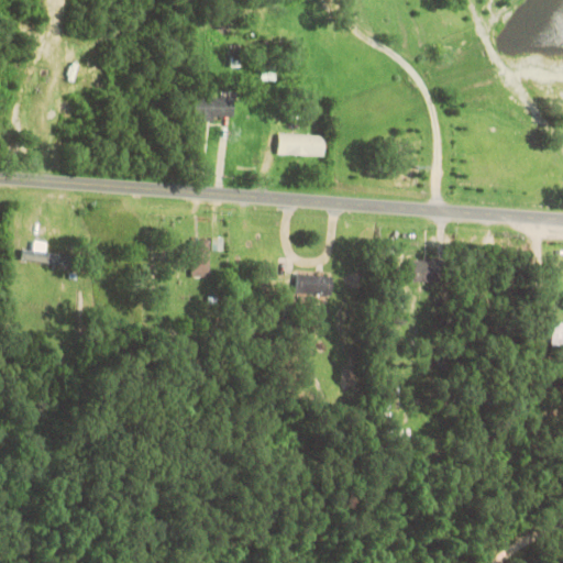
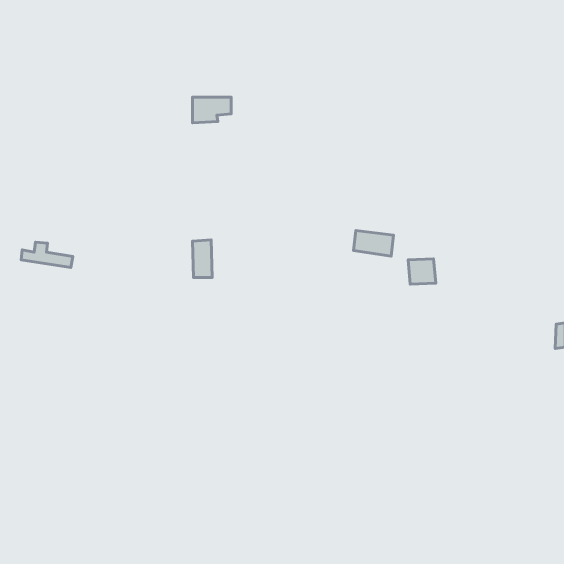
building: [277,134,324,156] -> none
building: [295,273,334,298] -> [354,231,393,256]

